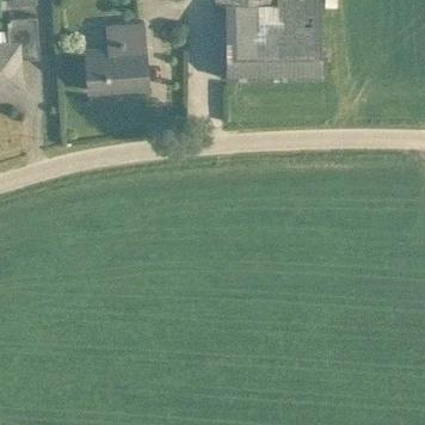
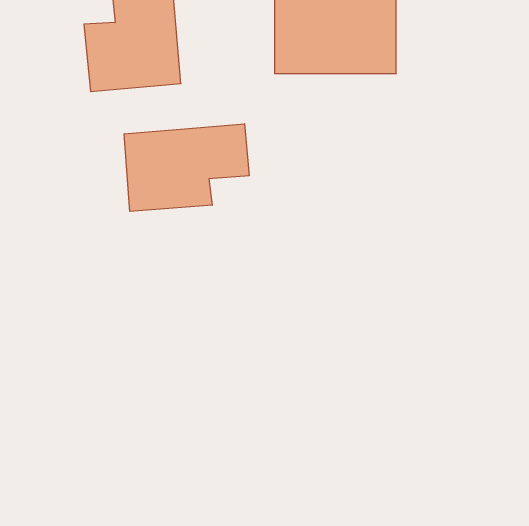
building: none -> [124,124,249,211]

